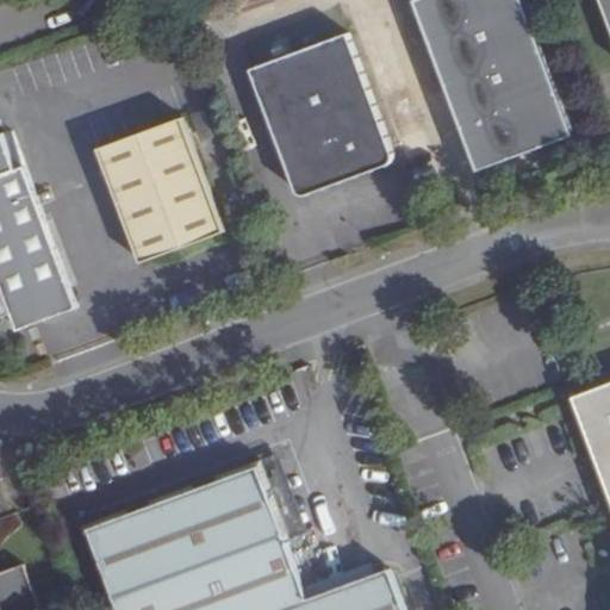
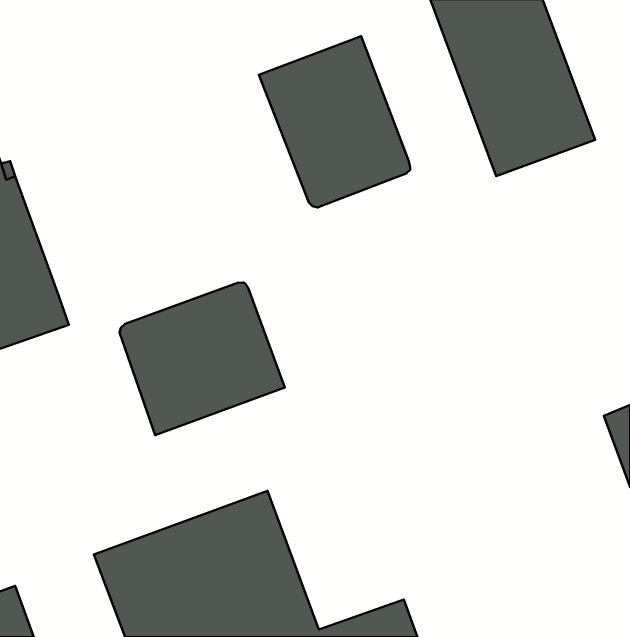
building: [97,126,218,267] -> none
building: none -> [120,282,285,435]

